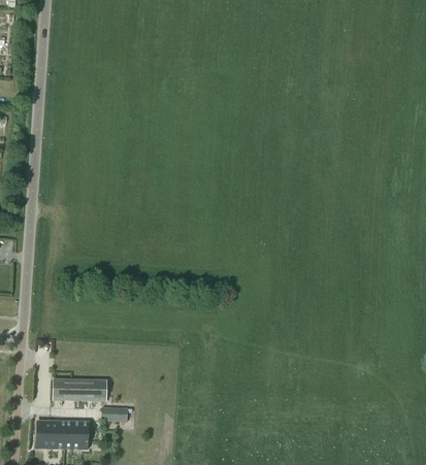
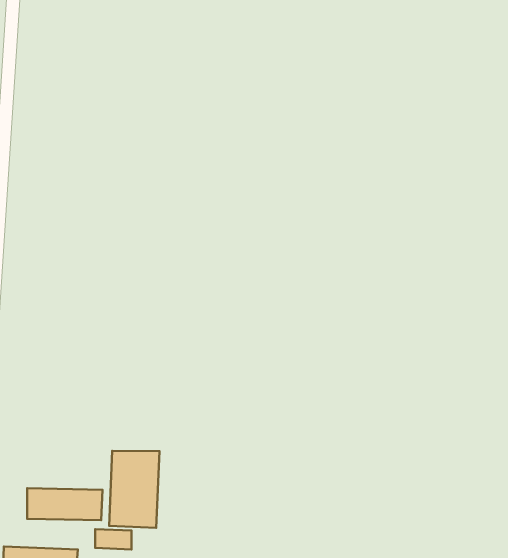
building: none -> [109,451,159,528]

